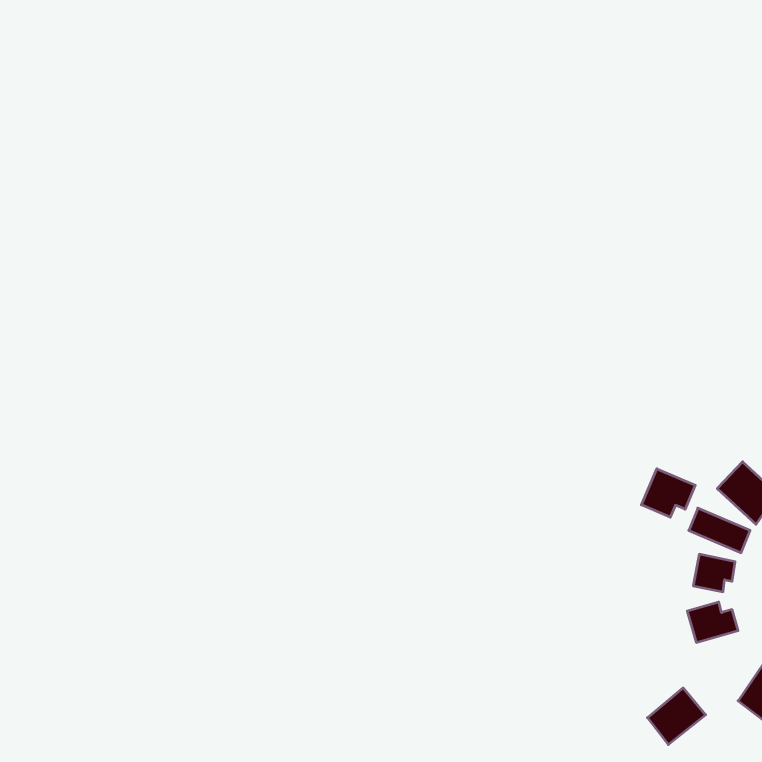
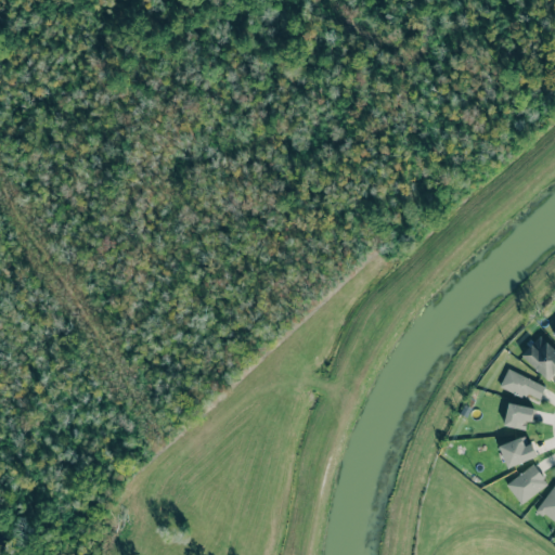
building: [641,469,695,517] -> none
building: [647,688,706,745] -> [506,464,548,505]

